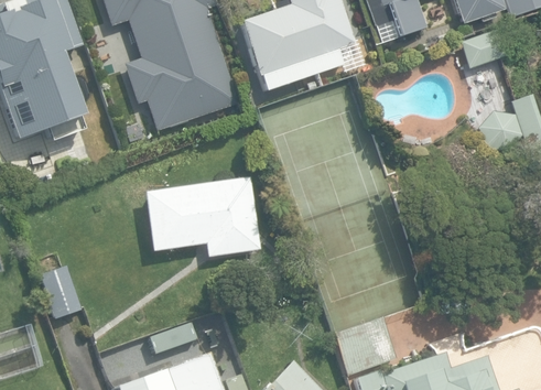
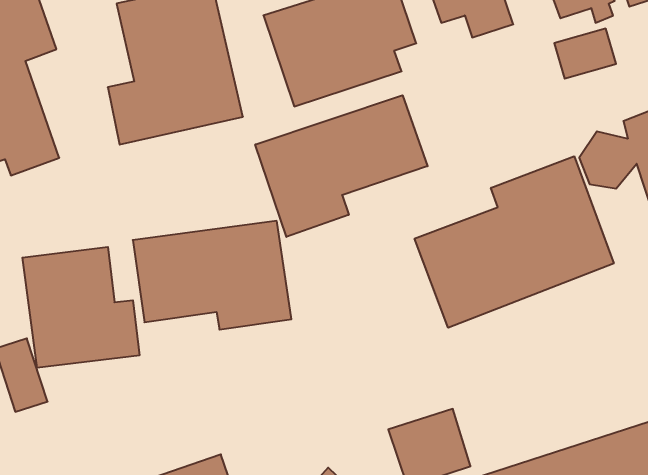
building: none -> [255,95,428,237]
building: none -> [415,156,614,328]
building: none -> [22,247,139,368]

